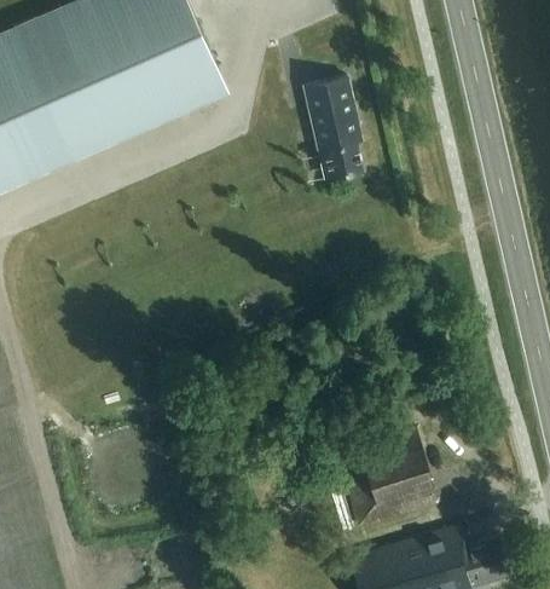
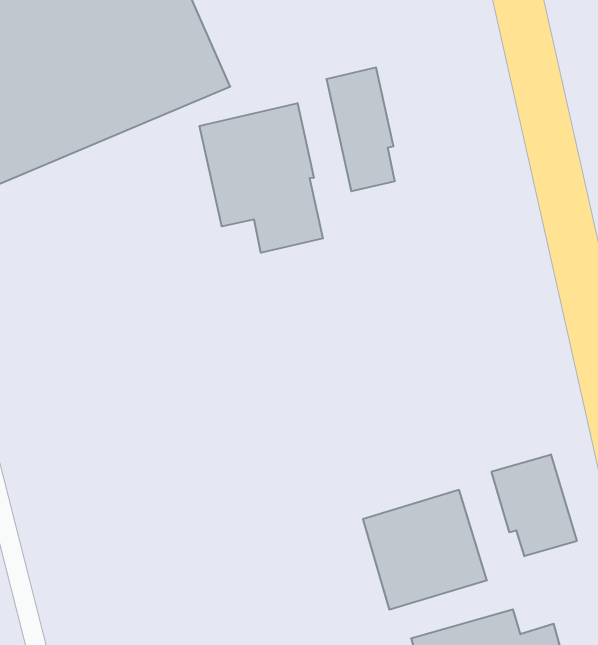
building: none -> [200,103,323,253]
building: none -> [492,454,577,556]

